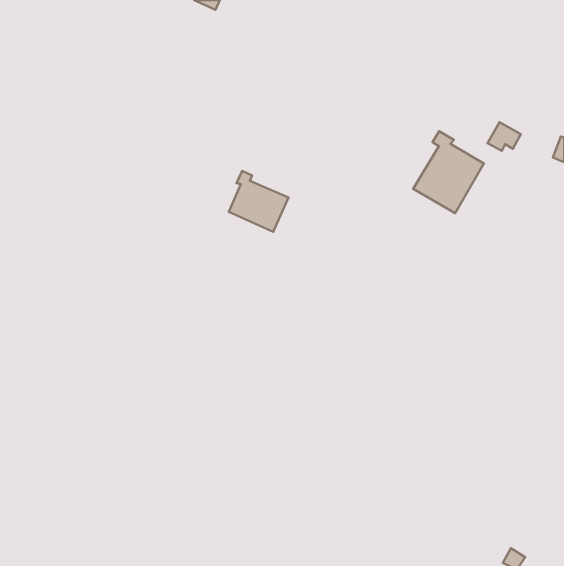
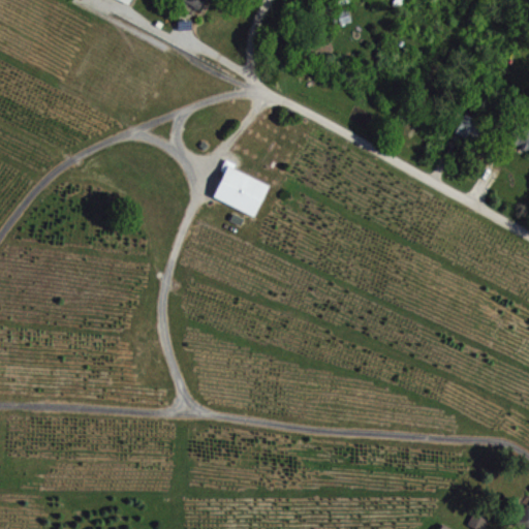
building: [413,131,484,213] -> none

